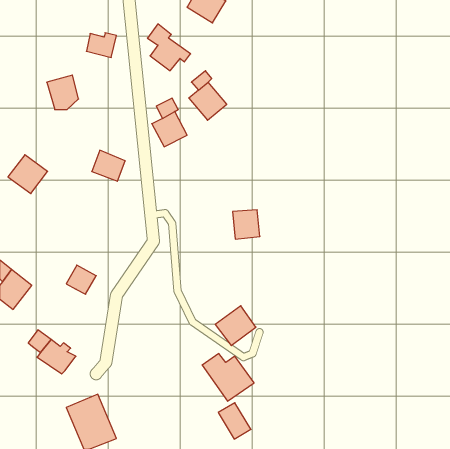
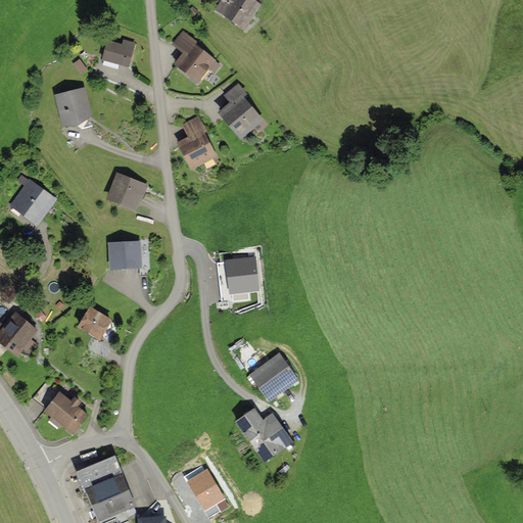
building: none -> [107,242,142,270]
building: [233,210,260,239] -> [226,256,257,290]
building: [218,403,251,439] -> [186,467,224,509]

